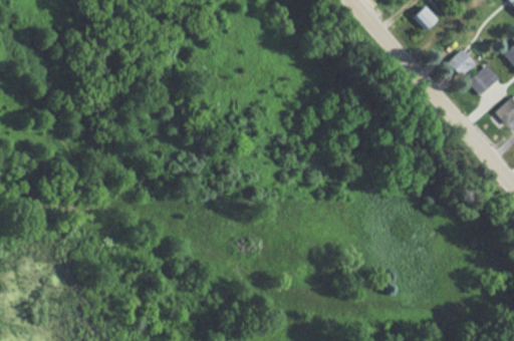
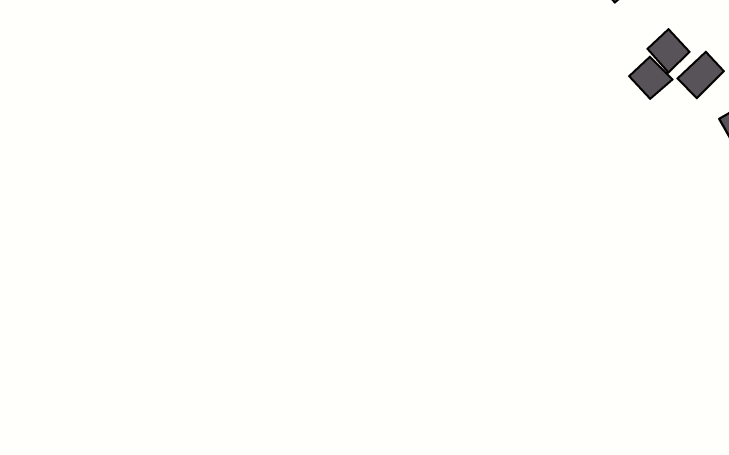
building: none -> [629,57,672,99]

